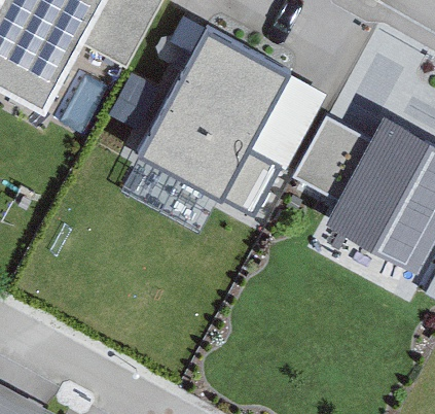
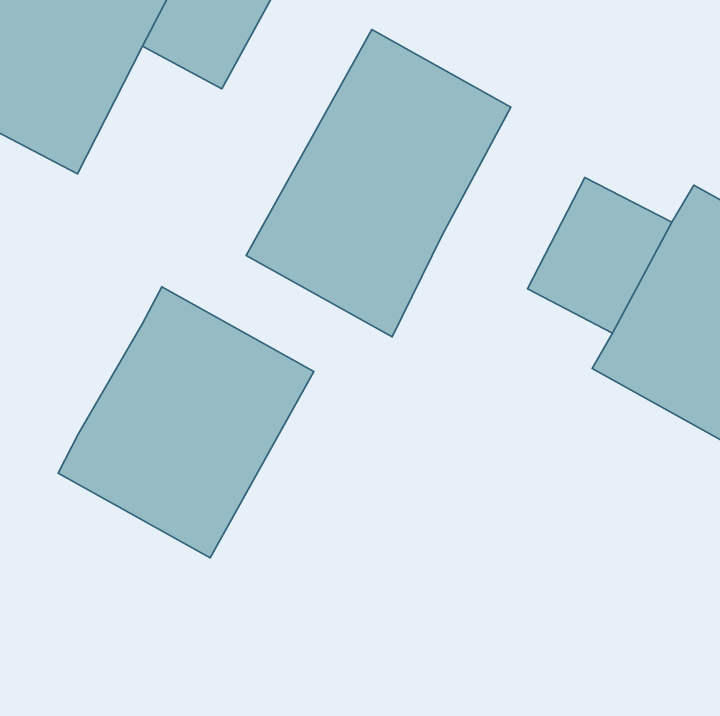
building: [246,74,321,166] -> none
building: none -> [58,287,314,558]

